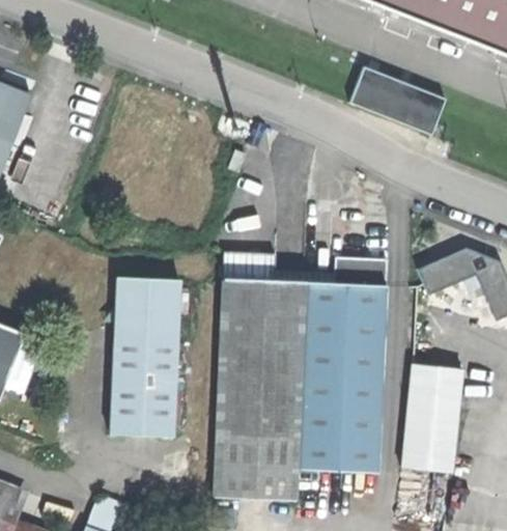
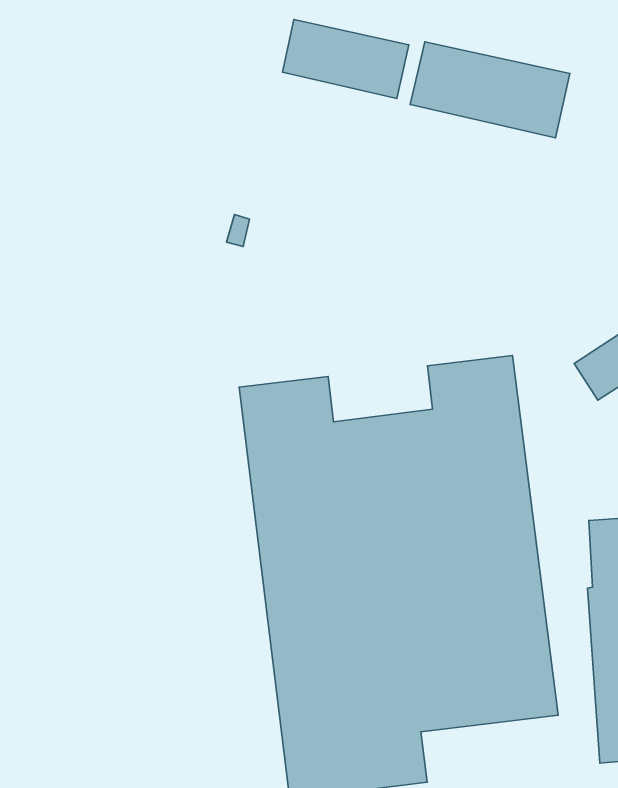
building: none -> [282,19,409,99]
building: [110,276,179,437] -> none

